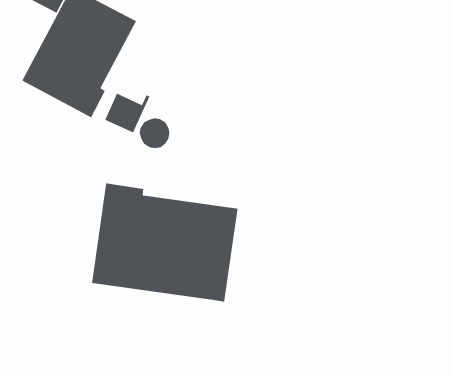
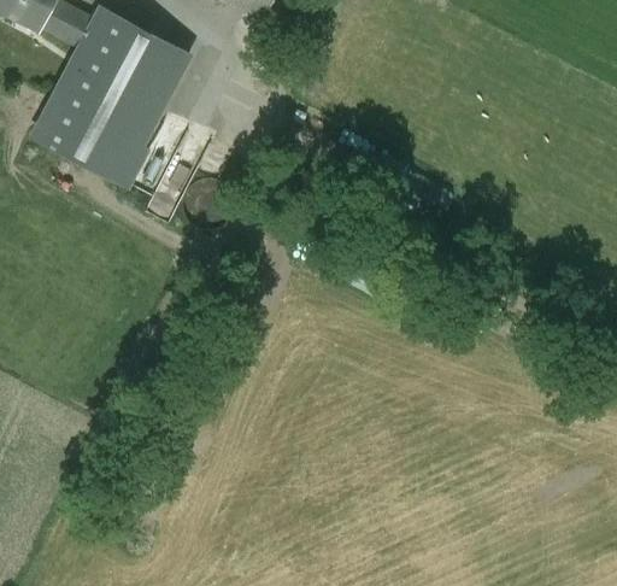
building: [91,182,239,303] -> none

